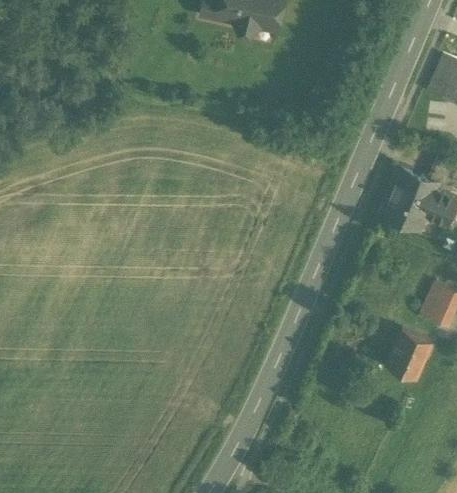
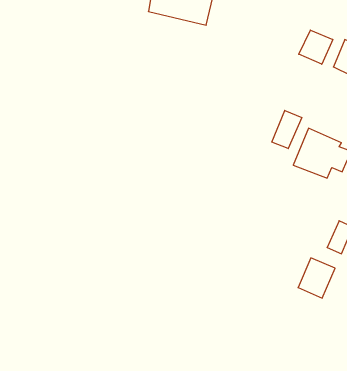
building: none -> [299,30,333,64]
building: none -> [272,110,302,149]

